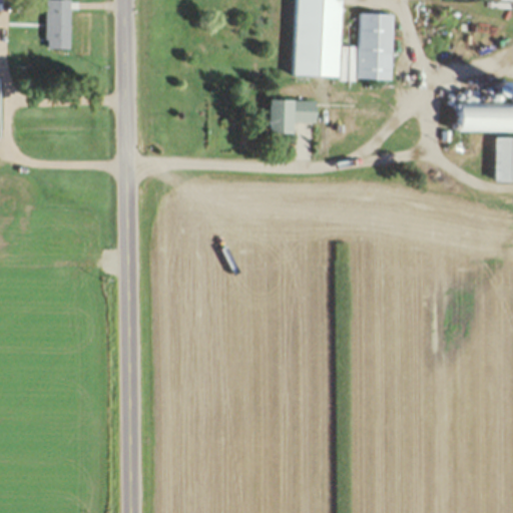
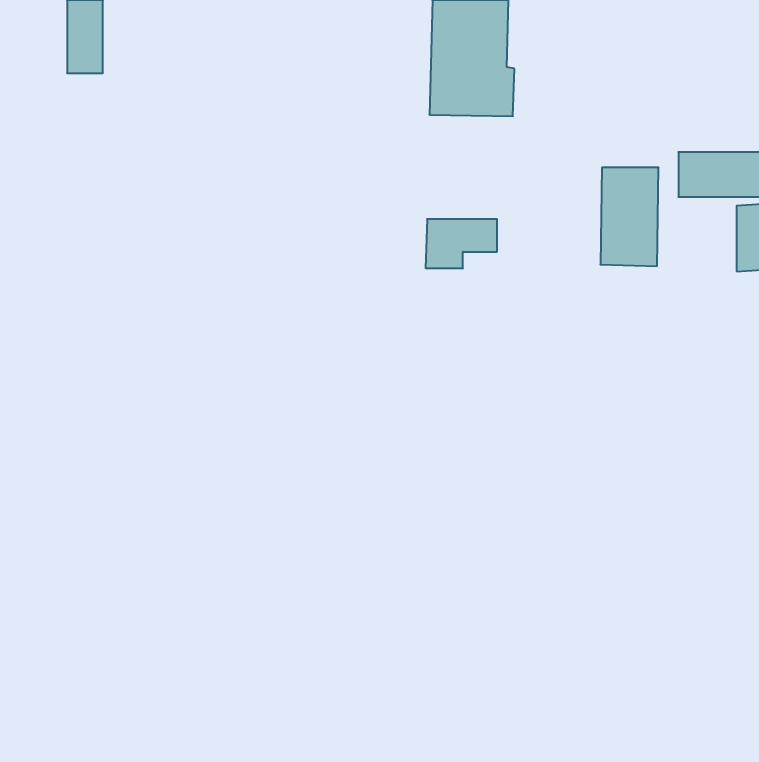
building: [356,13,395,79] -> [600,168,659,266]
building: [271,100,319,133] -> [426,219,497,268]

